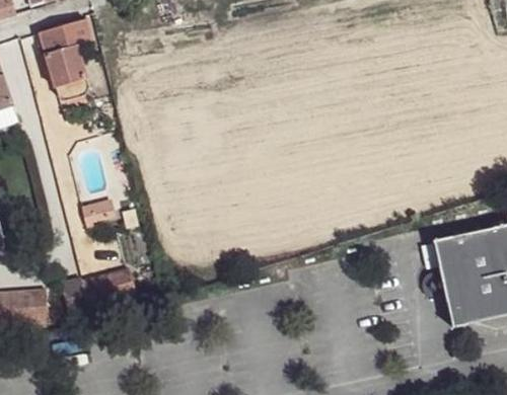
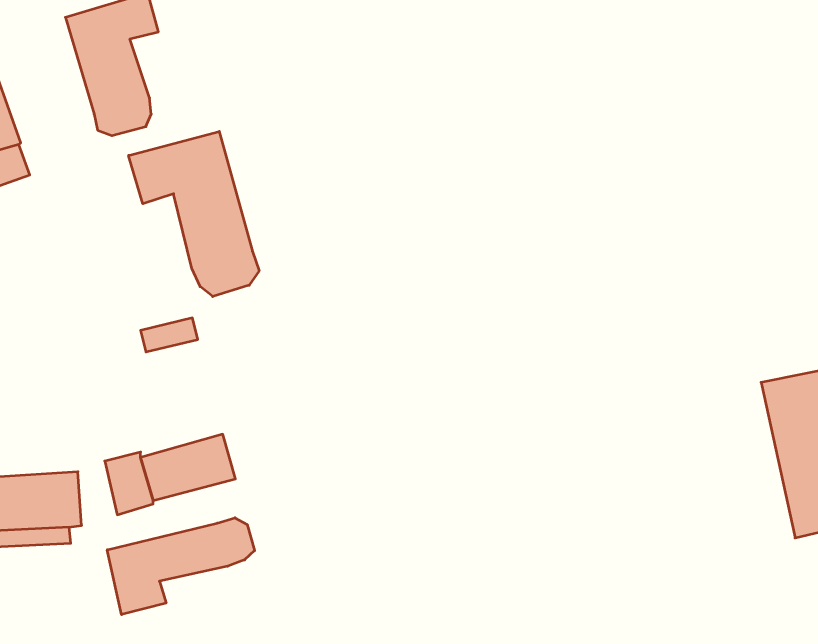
building: none -> [129,131,259,297]
building: none -> [107,518,255,615]

